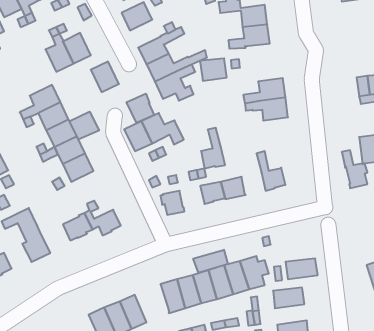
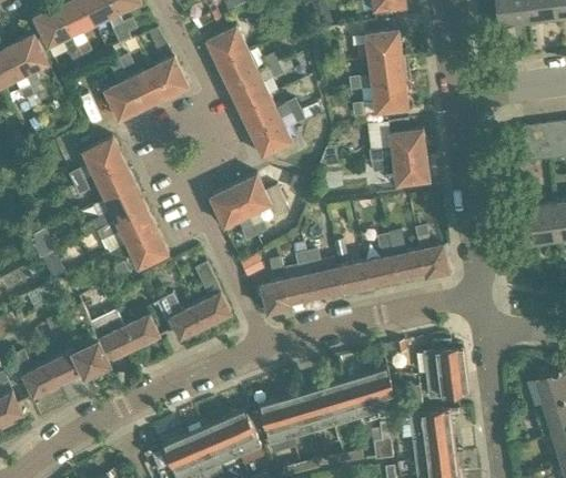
building: none -> [218,51,259,89]
building: [199,58,227,81] -> [372,83,408,113]
building: [91,62,119,92] -> [151,58,189,99]
building: [127,94,154,123] -> none
building: [70,112,99,140] -> none
building: [201,128,225,168] -> [367,231,400,285]
building: [342,150,367,188] -> [415,227,449,278]
building: none -> [195,264,232,327]
building: none -> [284,274,317,303]
building: none -> [93,323,138,364]
building: none -> [423,340,466,376]
building: none -> [49,352,85,385]
building: [193,250,228,273] -> none
building: none -> [224,411,261,457]
building: none -> [412,433,455,460]

